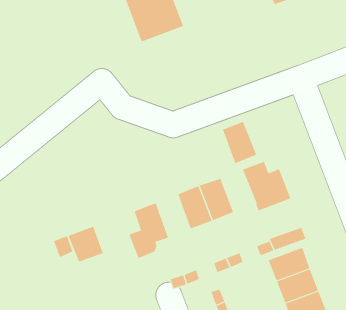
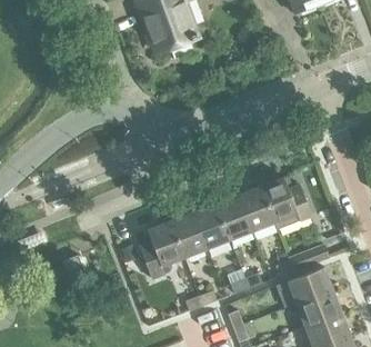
building: [222,121,257,164] -> [239,187,275,231]
building: none -> [171,212,207,258]
building: [68,226,104,262] -> none

